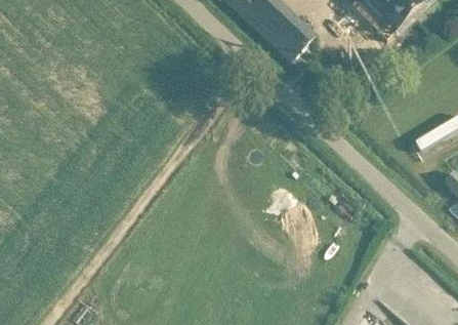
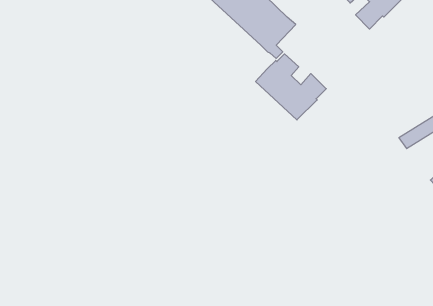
building: none -> [256,54,326,120]

